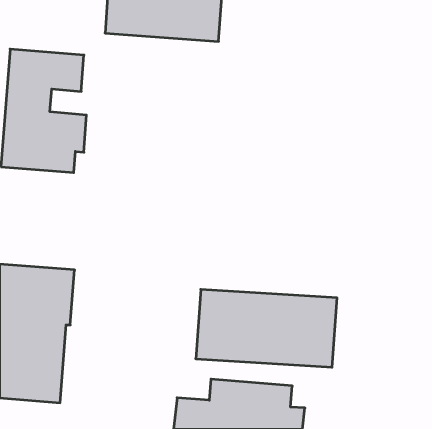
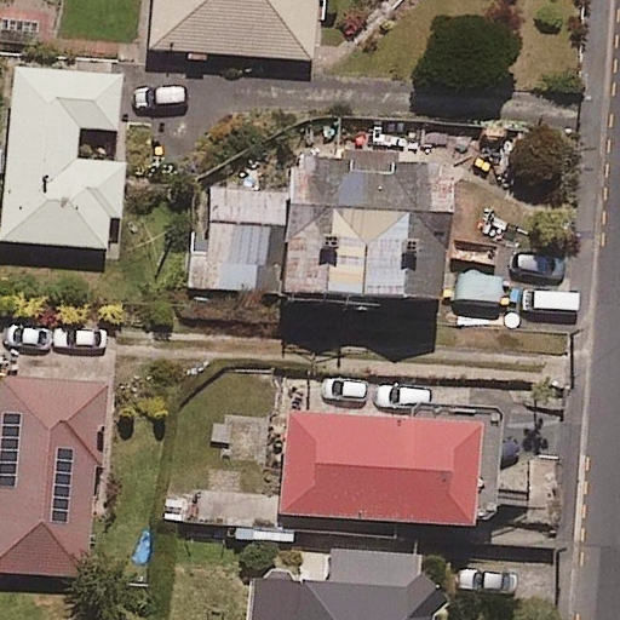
building: none -> [186,173,452,304]

